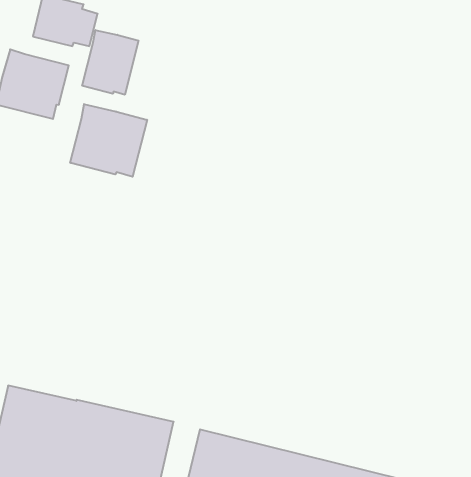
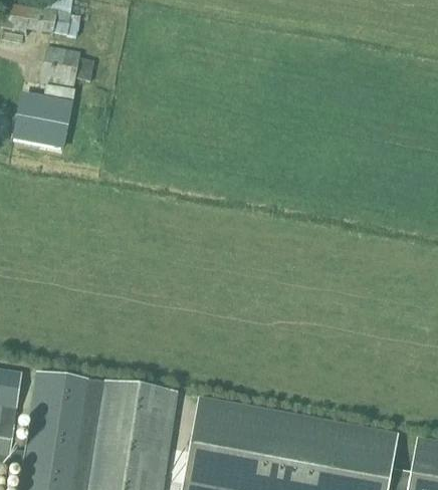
building: [82,30,138,95] -> none
building: [70,104,147,177] -> none

